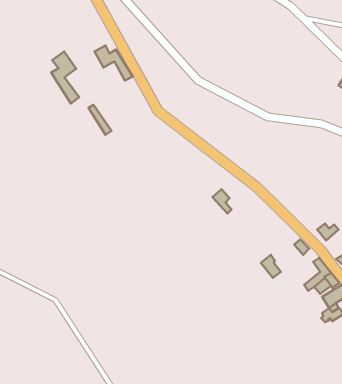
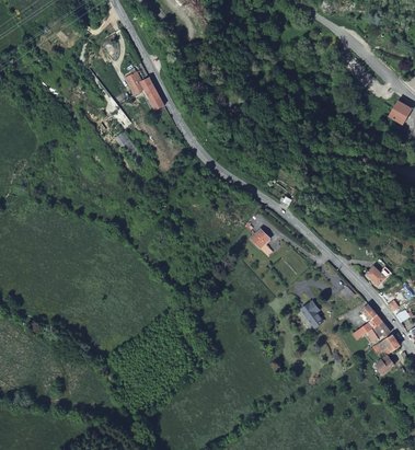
building: [51,52,79,103] -> none

